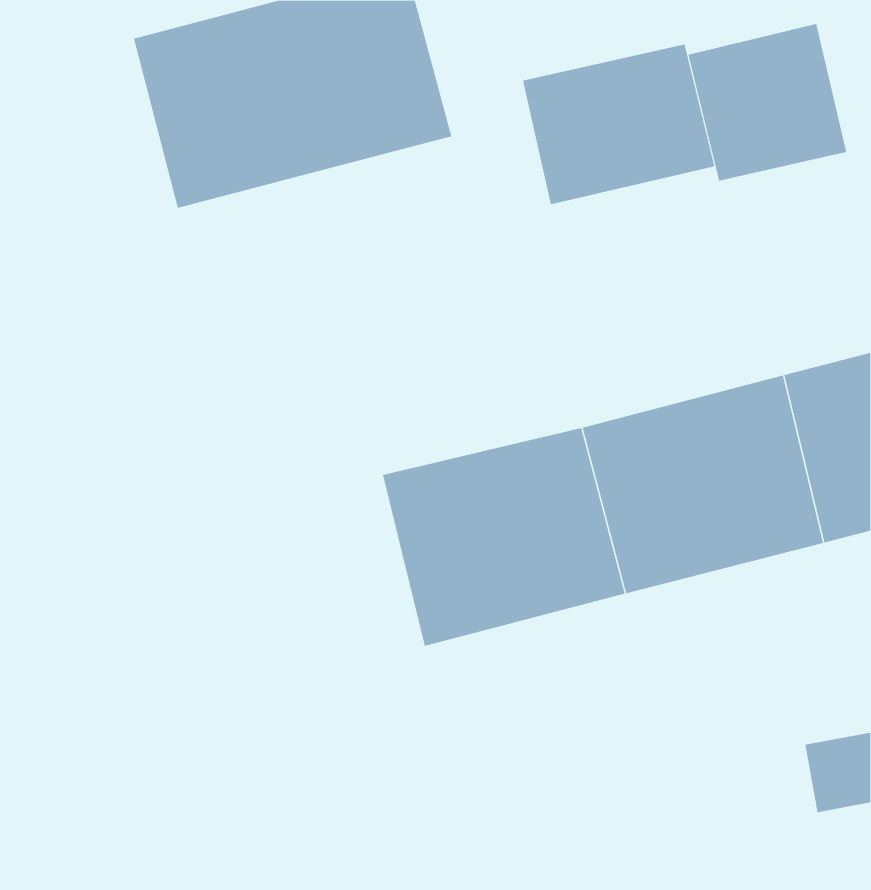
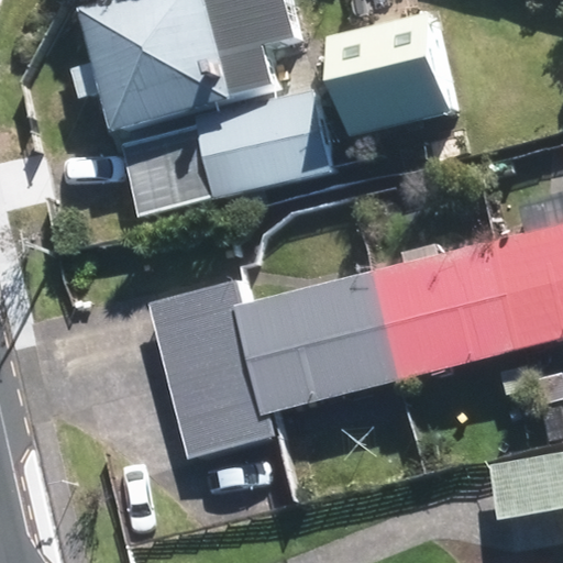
building: [688,23,847,182] -> none
building: none -> [123,101,329,220]
building: none -> [150,277,271,450]

